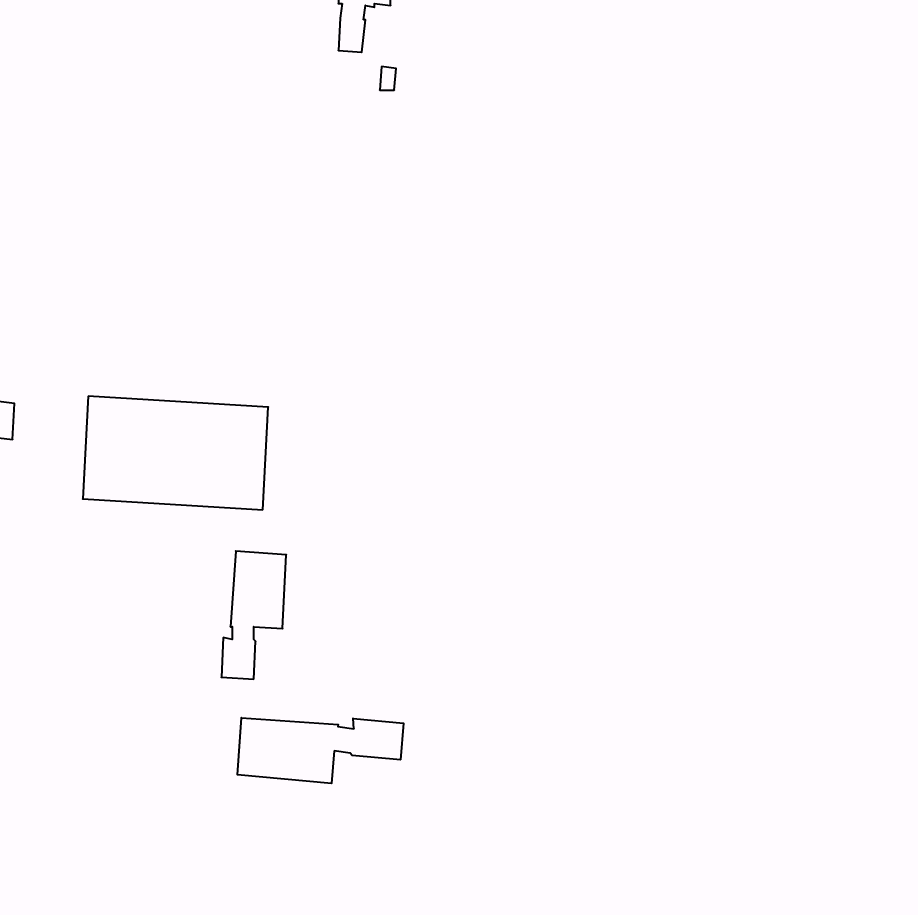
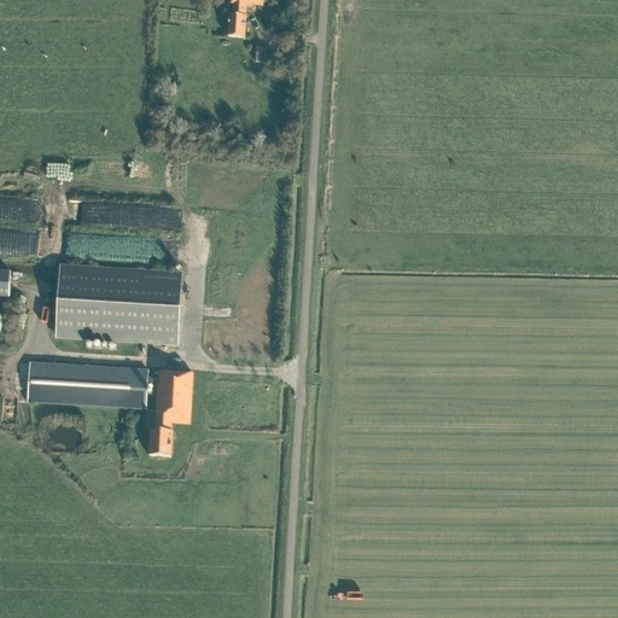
building: none -> [28,361,147,408]
building: [237,718,404,783] -> none

